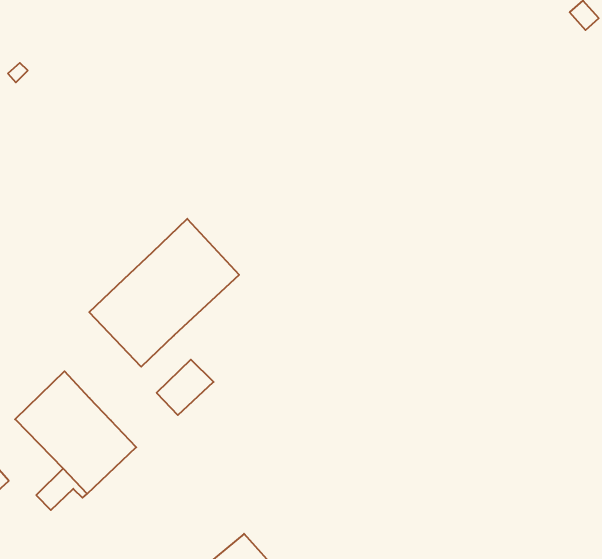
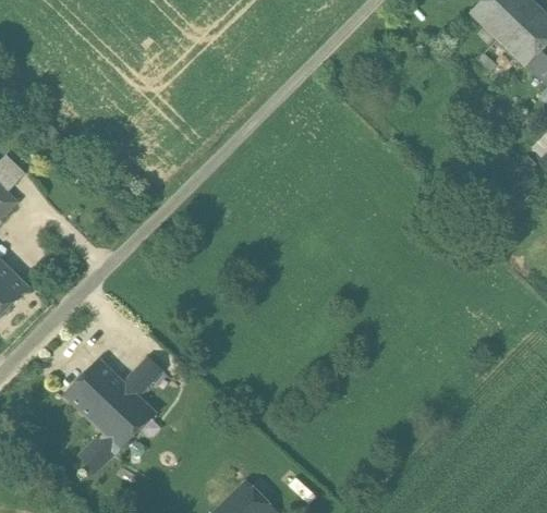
building: [89,219,239,367] -> none
building: [157,360,214,415] -> [120,354,163,398]

